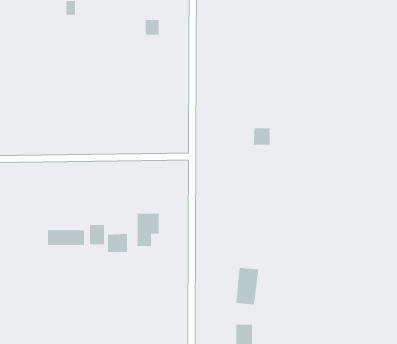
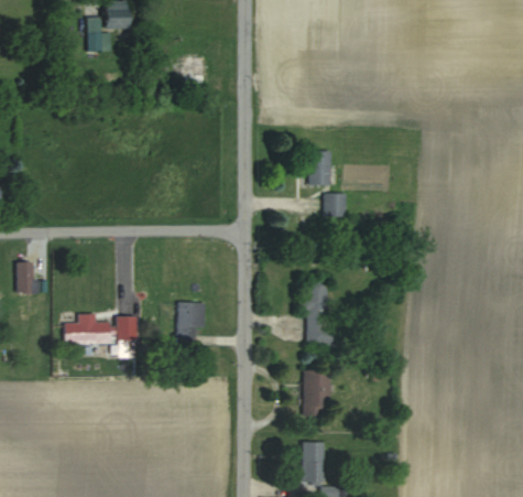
building: none -> [308,151,331,185]
building: none -> [17,262,36,293]
building: none -> [304,279,340,347]
building: [107,233,128,253] -> none

